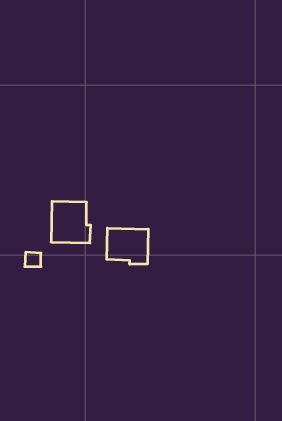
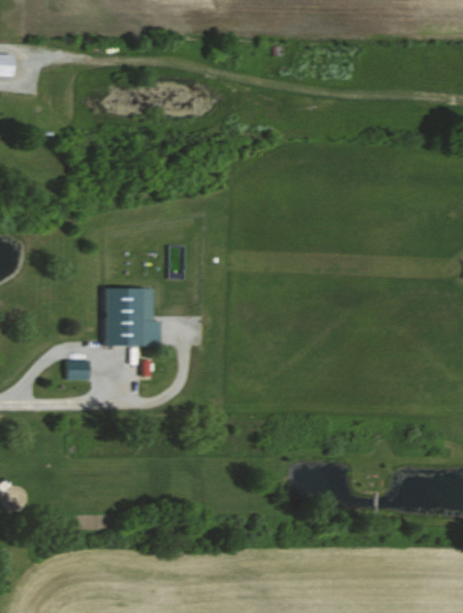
building: [107,228,148,264] -> none

